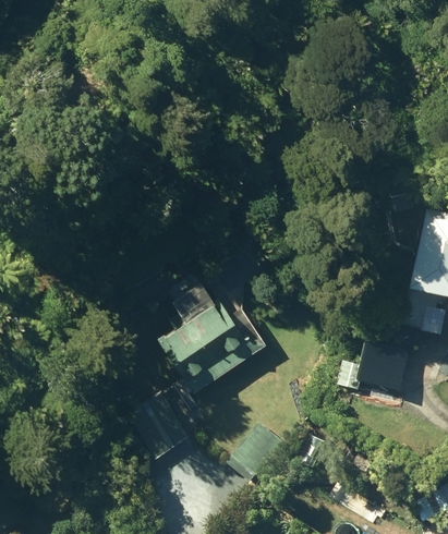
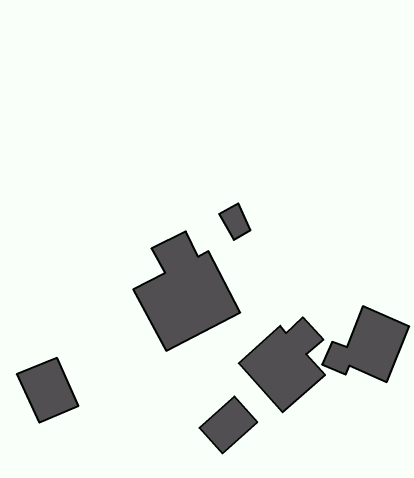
building: none -> [239,317,325,412]
building: [129,397,189,458] -> [17,358,78,423]

